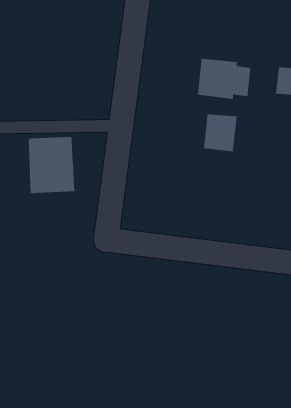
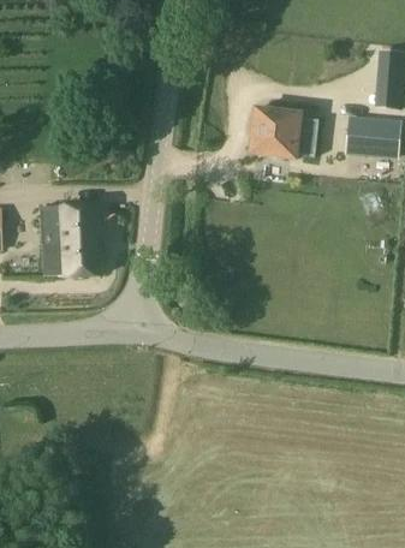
building: [203,113,237,152] -> none

